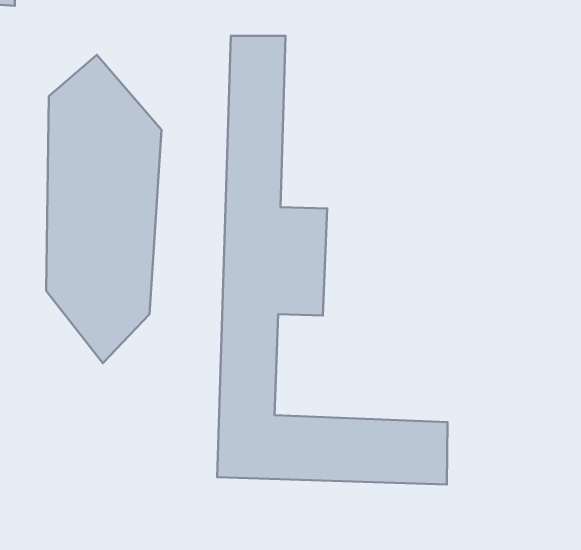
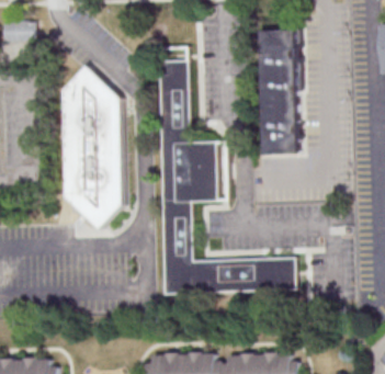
building: none -> [260,30,299,154]

